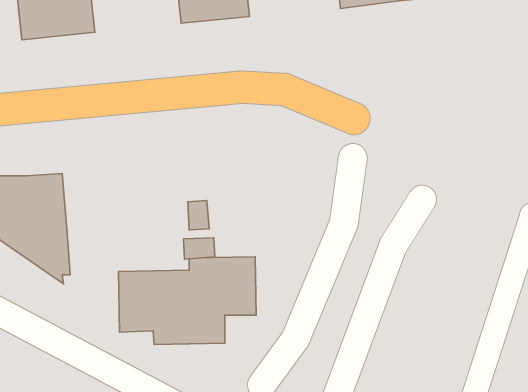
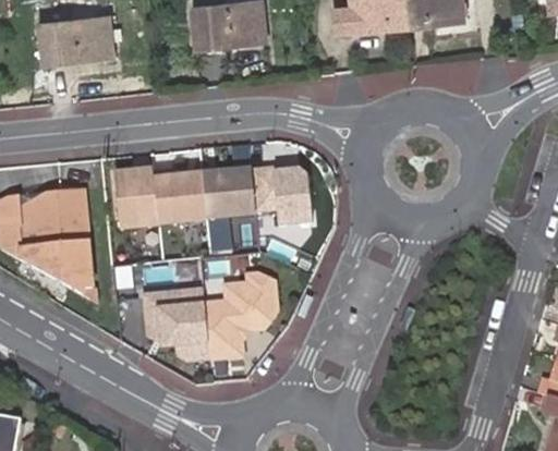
building: none -> [105,160,307,228]

